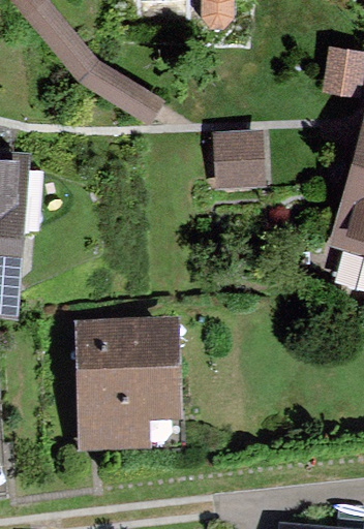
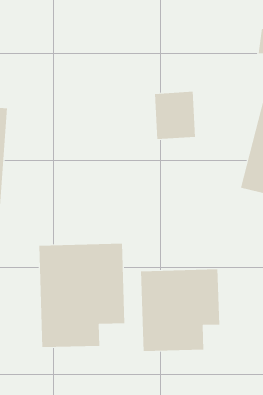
building: none -> [141,269,220,352]

